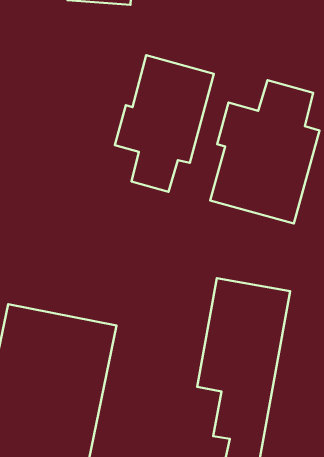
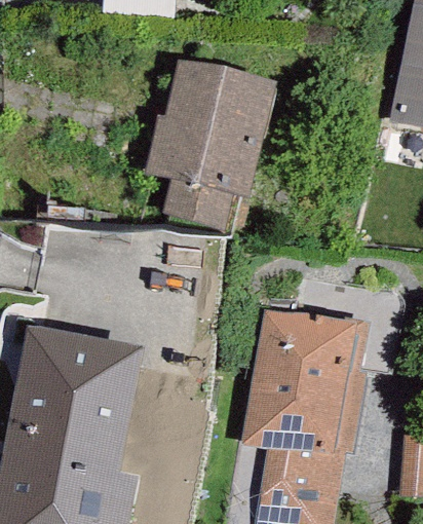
building: [210,80,319,223] -> none

